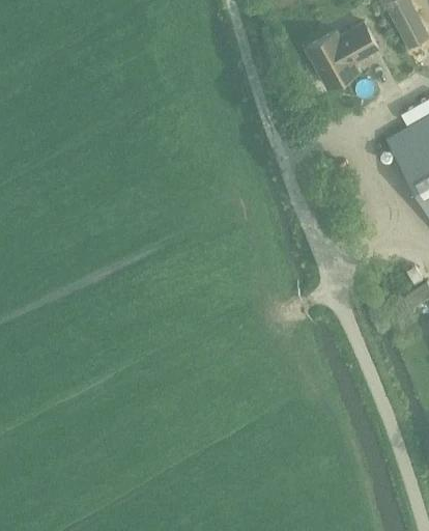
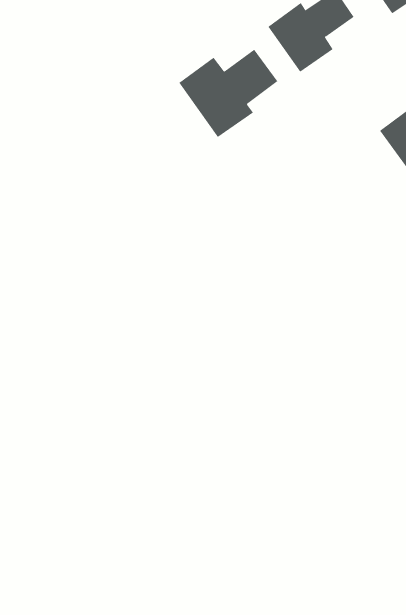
building: none -> [179,49,278,138]

